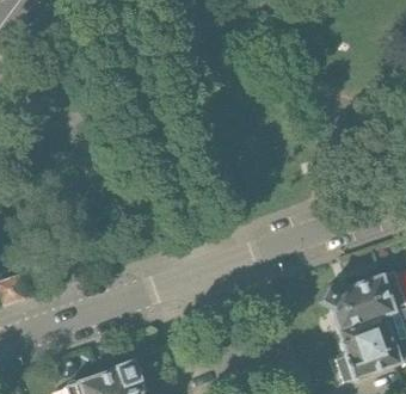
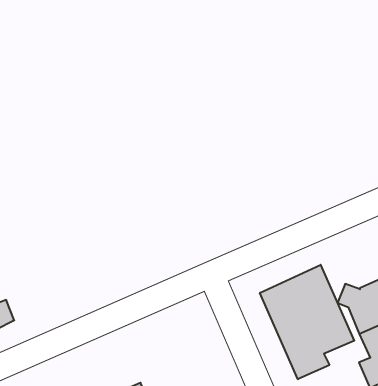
building: none -> [260,265,354,379]

